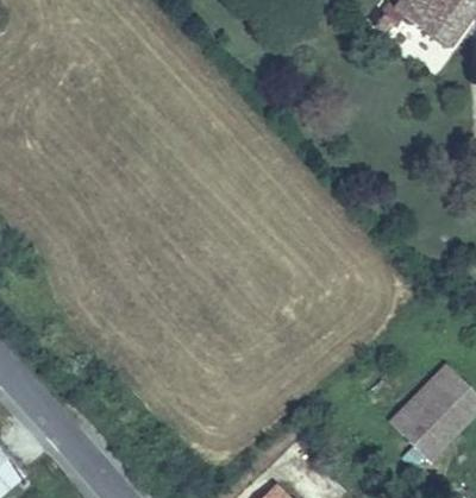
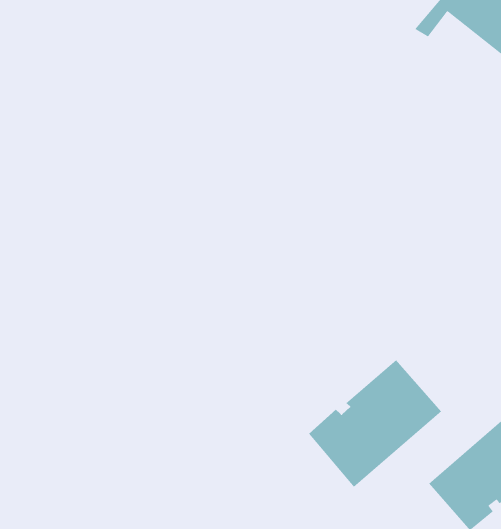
building: none -> [308,359,442,488]

